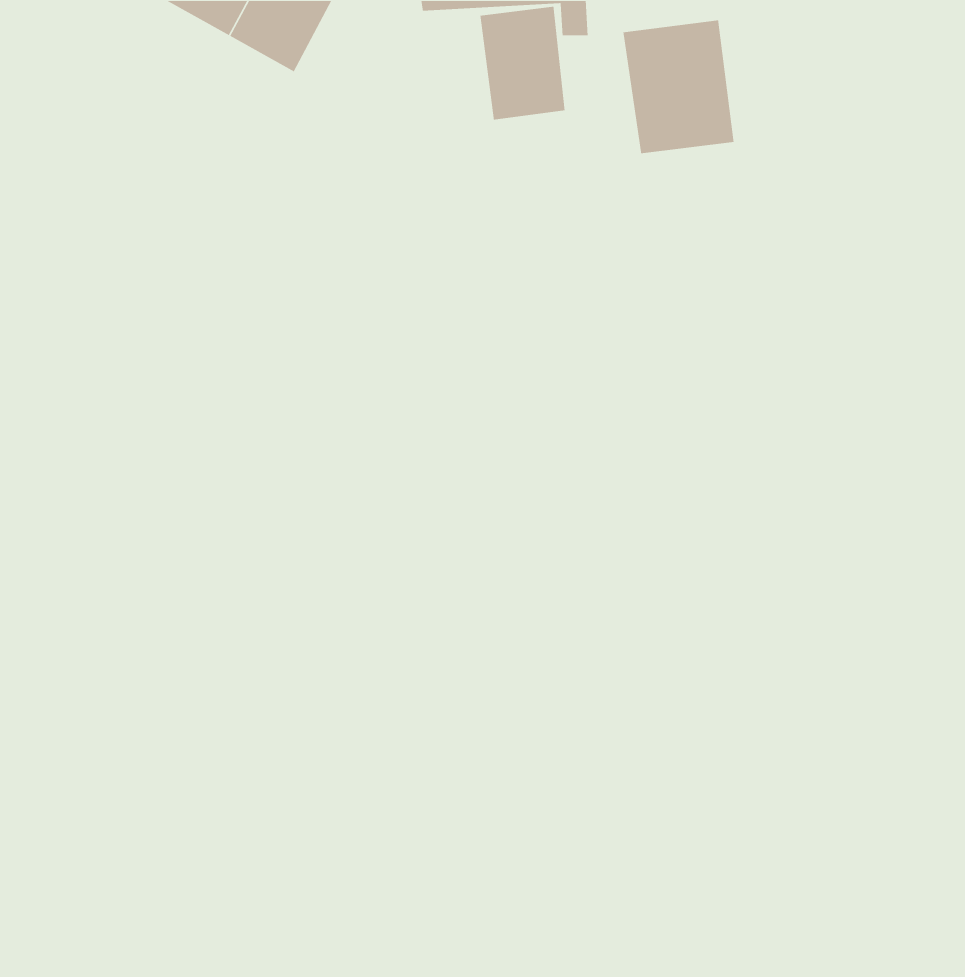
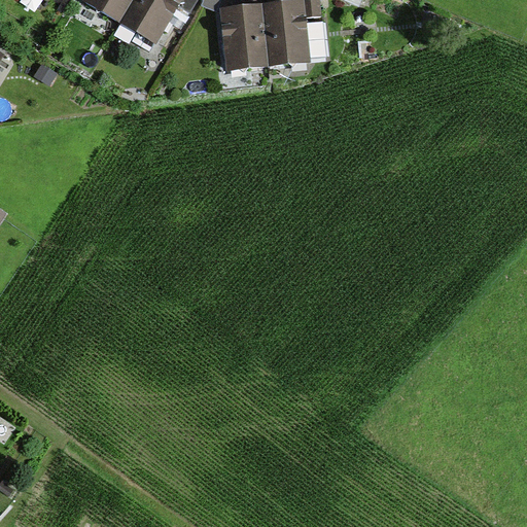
building: none -> [219,8,266,70]
building: [622,20,735,154] -> none

